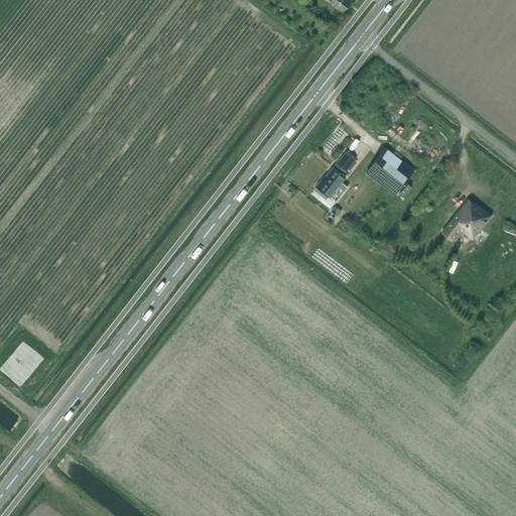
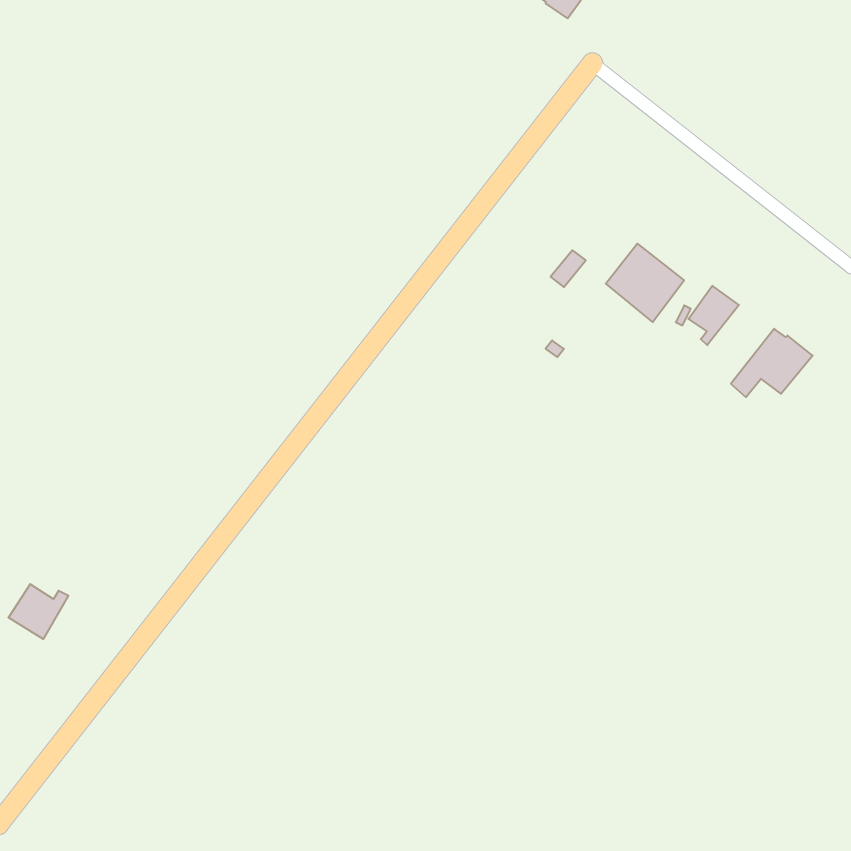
building: [315,167,345,197] -> none
building: none -> [688,286,739,345]

